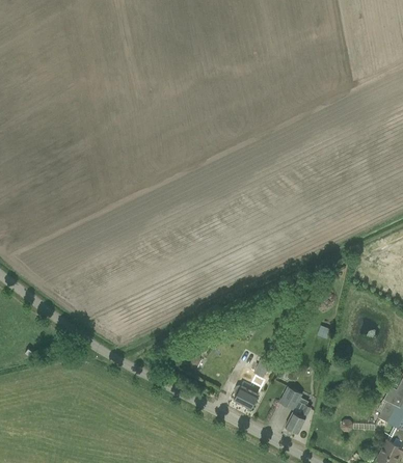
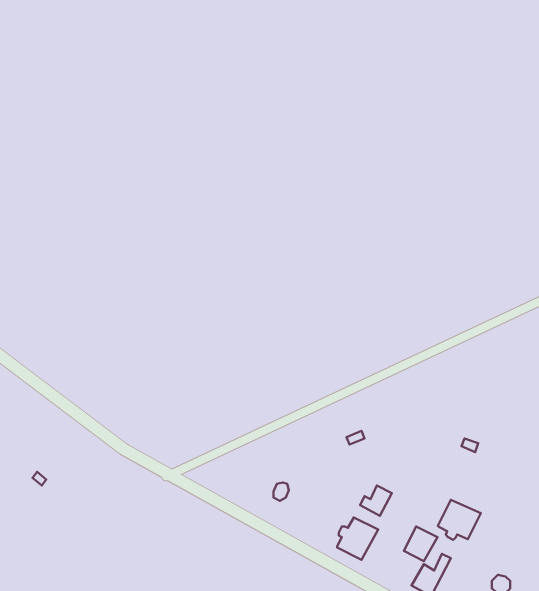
building: none -> [438,500,481,540]

